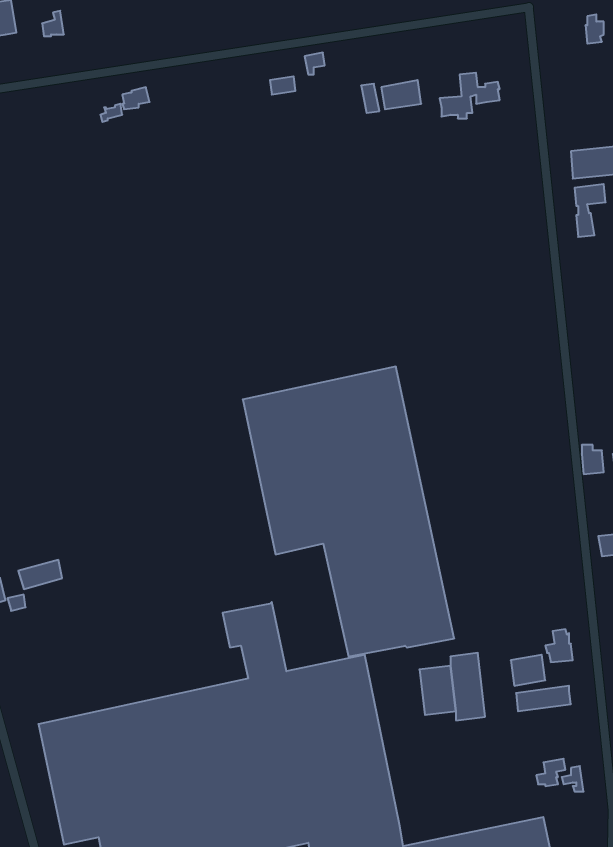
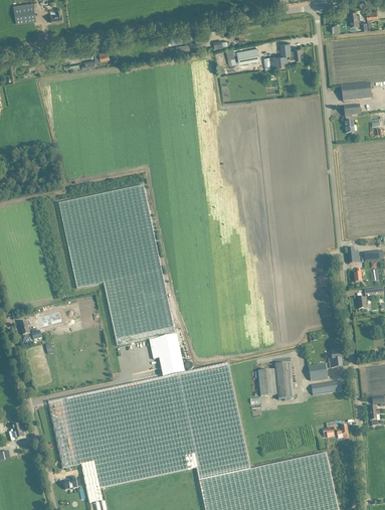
building: [243,367,454,657] -> [58,185,175,345]

